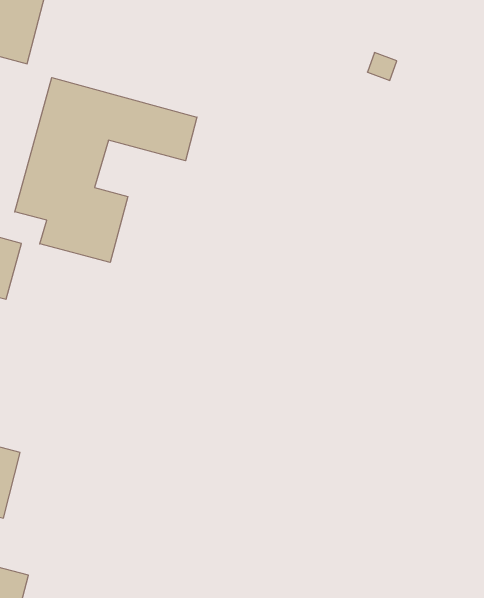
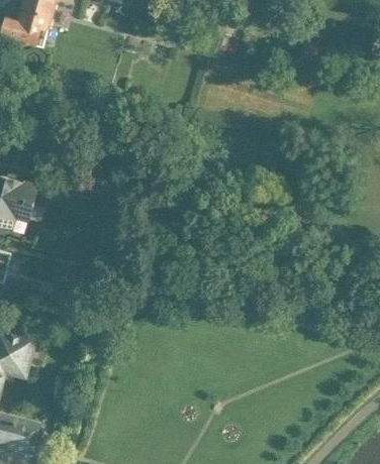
building: [15,78,197,262] -> none

